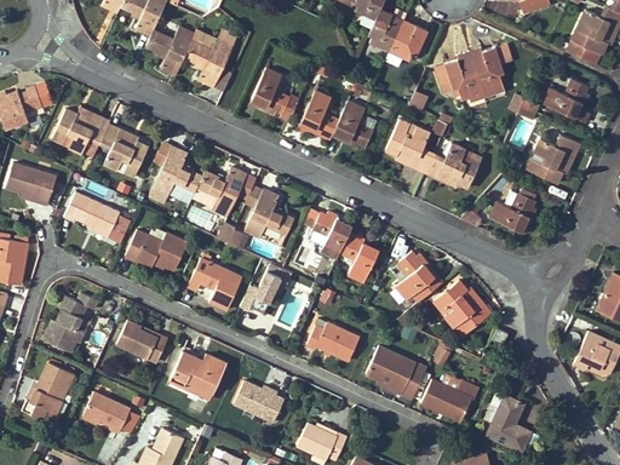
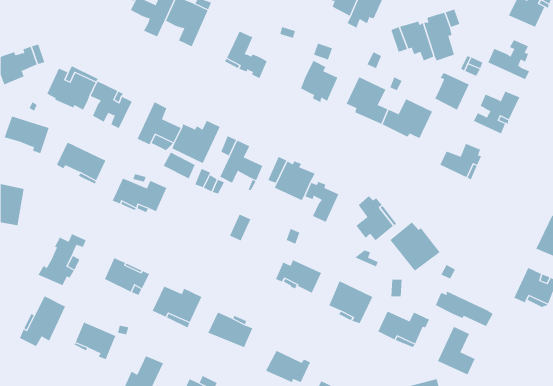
building: [297,91,339,137] -> none
building: none -> [434,72,469,110]
building: [186,259,241,309] -> none
building: none -> [435,291,494,327]

